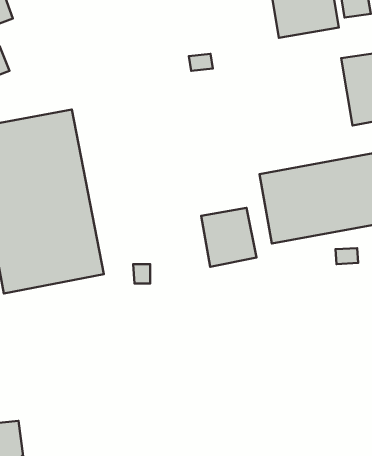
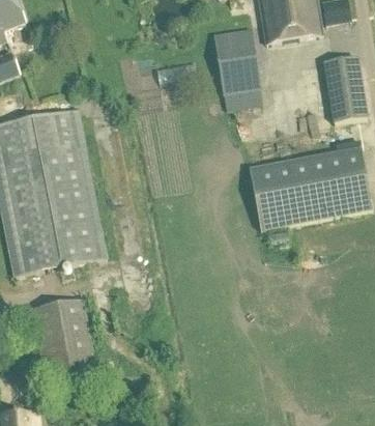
building: none -> [214,27,262,109]
building: [201,208,257,267] -> none
building: none -> [31,299,97,382]

